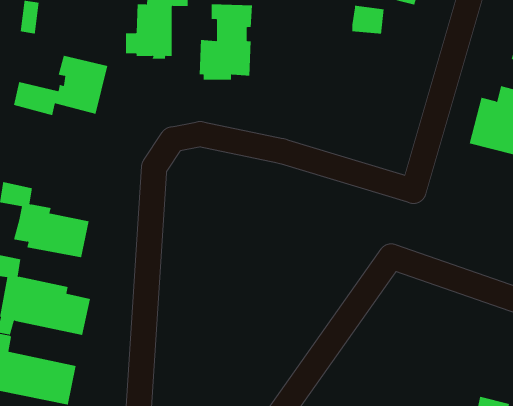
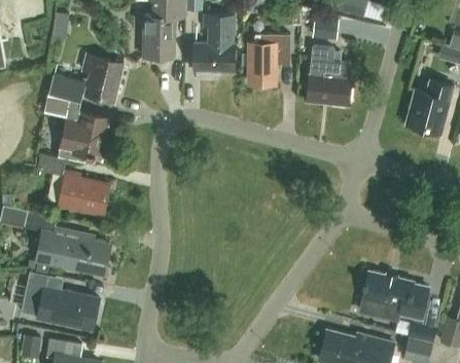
building: none -> [248,34,291,85]
building: none -> [308,46,352,105]
building: none -> [44,95,110,161]
building: none -> [360,273,428,321]

